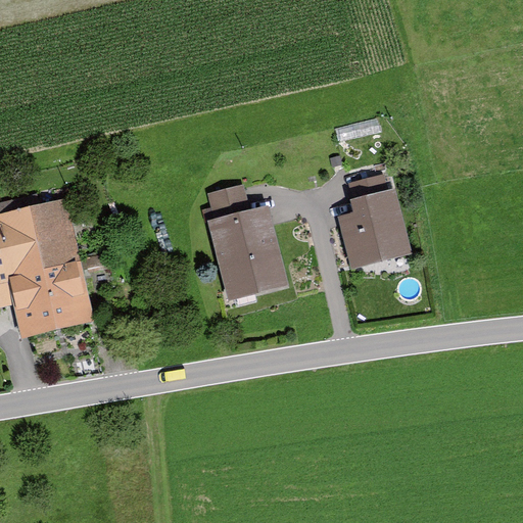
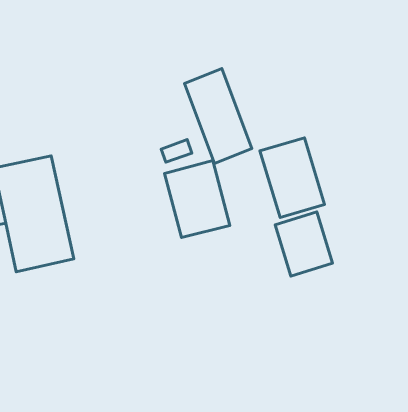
building: none -> [184,69,252,163]
building: none -> [275,212,332,276]

